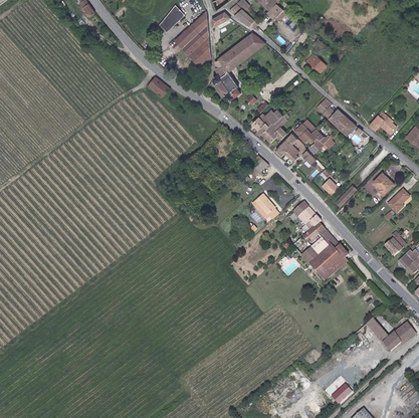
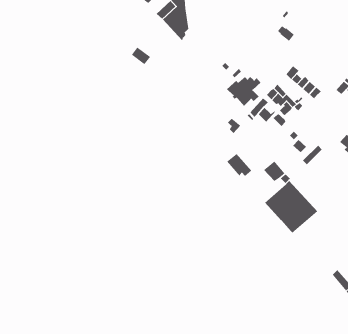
building: [213,32,265,101] -> none

